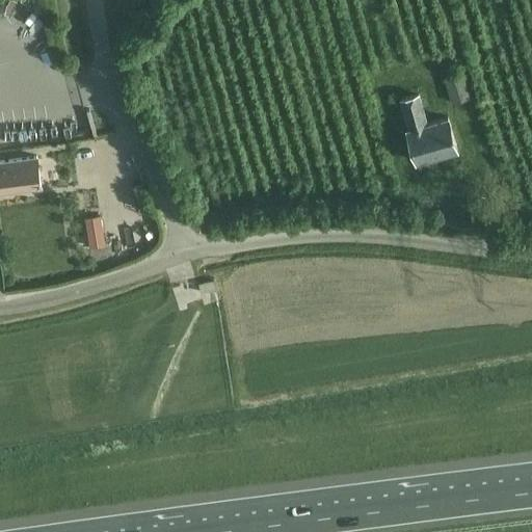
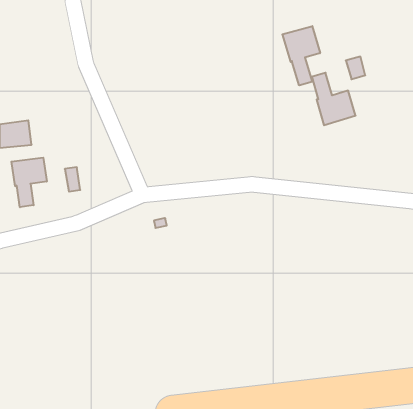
building: none -> [282,26,320,85]
building: none -> [11,158,47,207]

